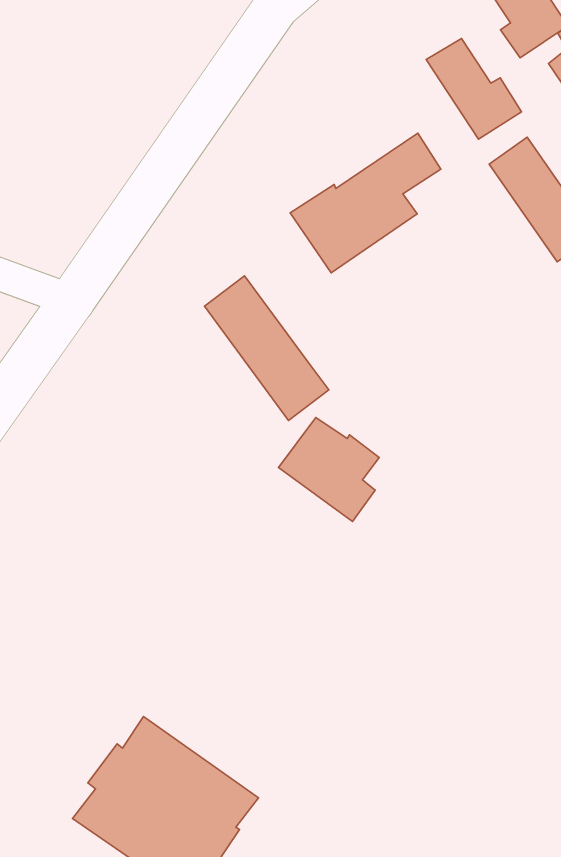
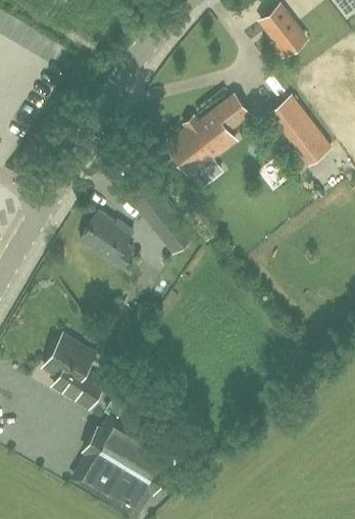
building: [426,38,522,139] -> none
building: [278,418,379,522] -> [80,214,133,268]
building: none -> [45,335,101,405]

